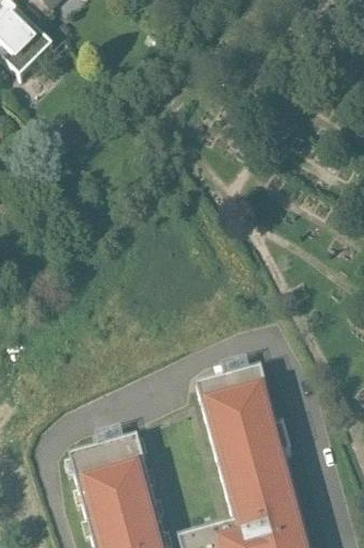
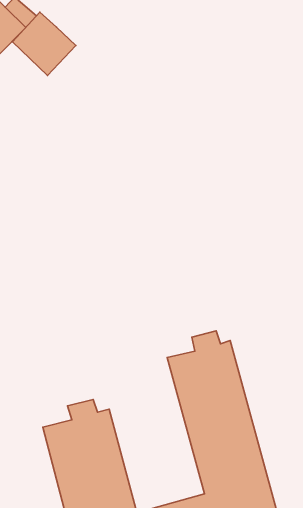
building: none -> [13,12,76,75]

